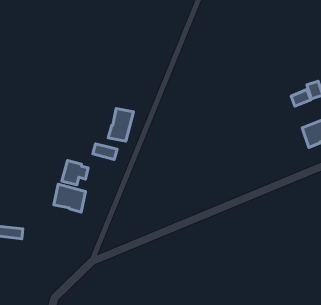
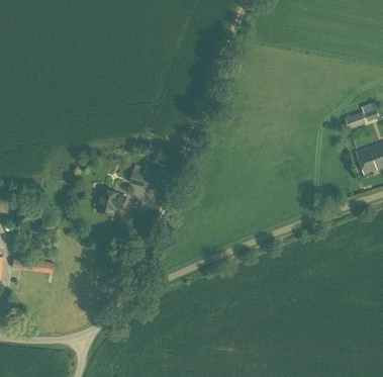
building: [108,108,134,141] -> none
building: [54,184,86,212] -> none

